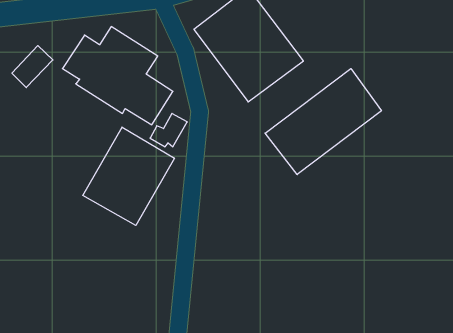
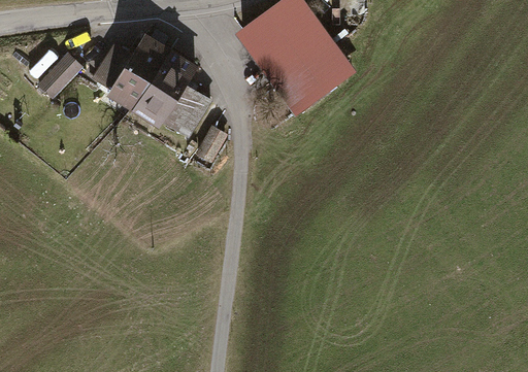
building: [265,69,381,175] -> none
building: [83,127,174,225] -> none

